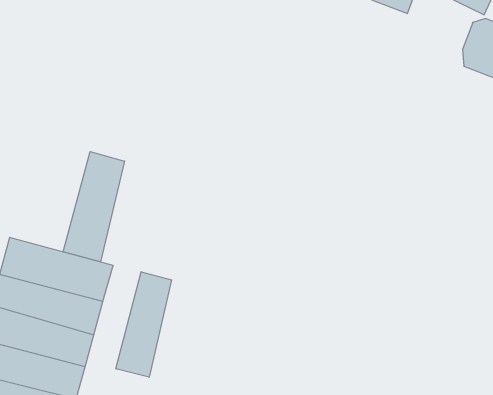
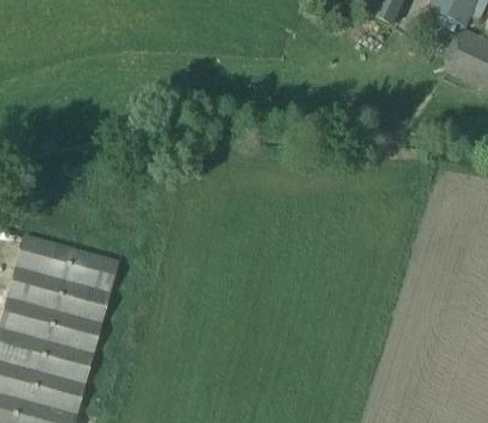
building: [63,152,125,262] -> none
building: [116,272,171,377] -> none

